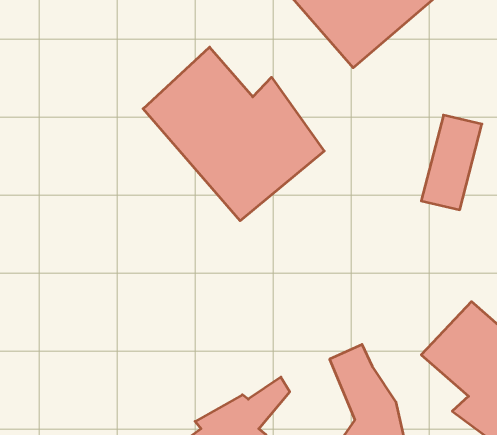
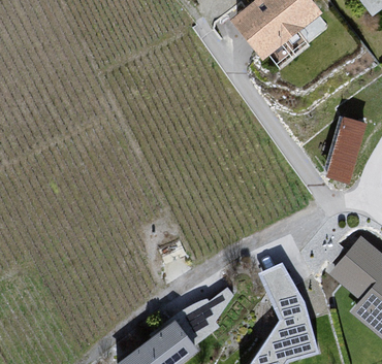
building: [143,47,324,221] -> none

